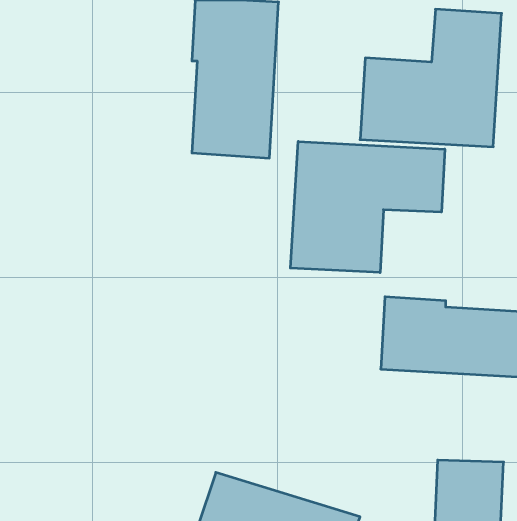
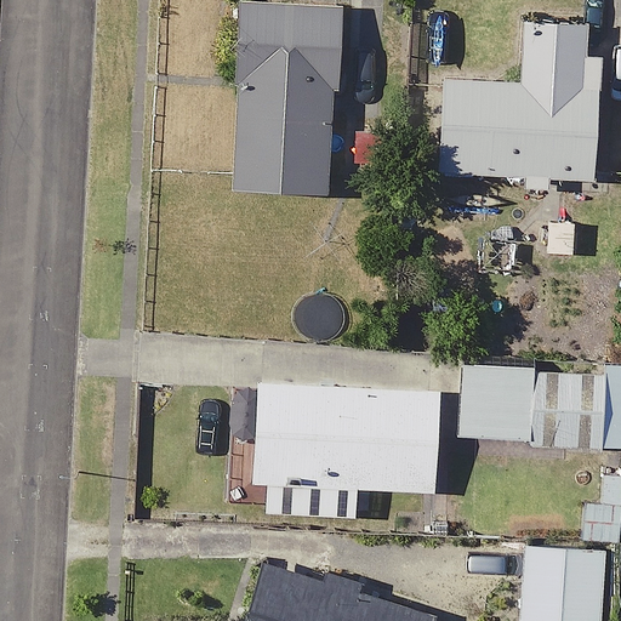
building: [290,141,445,273] -> none
building: none -> [251,384,439,492]

